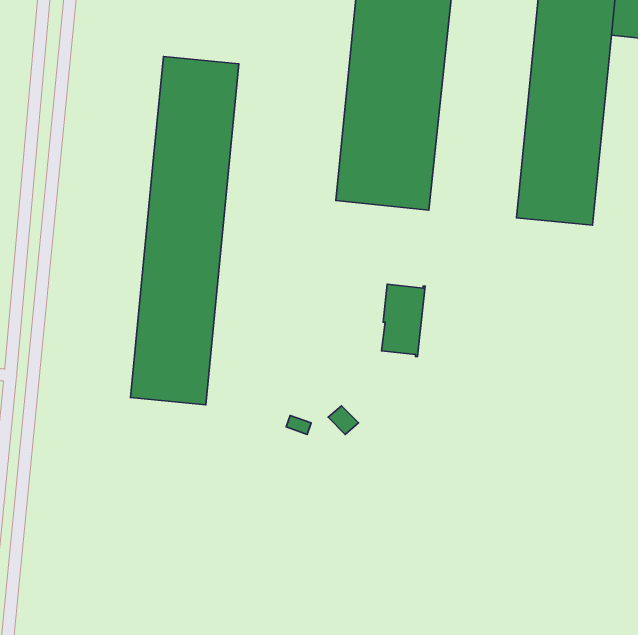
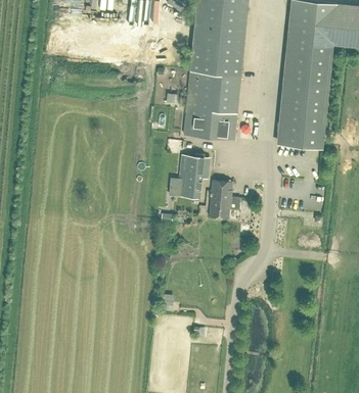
building: [130,57,239,405] -> none
building: none -> [176,155,203,198]

